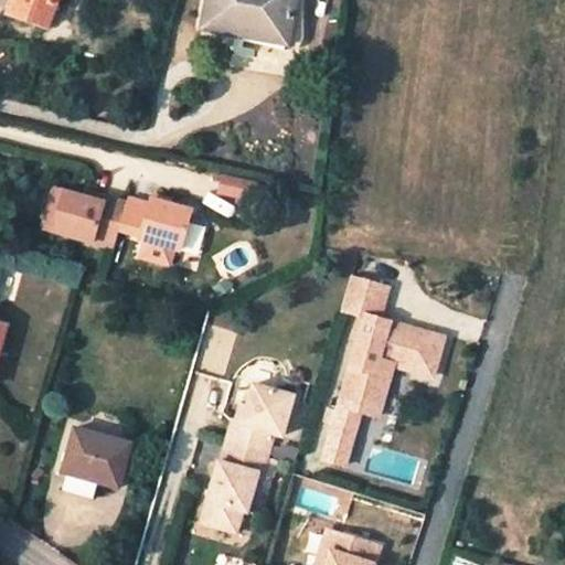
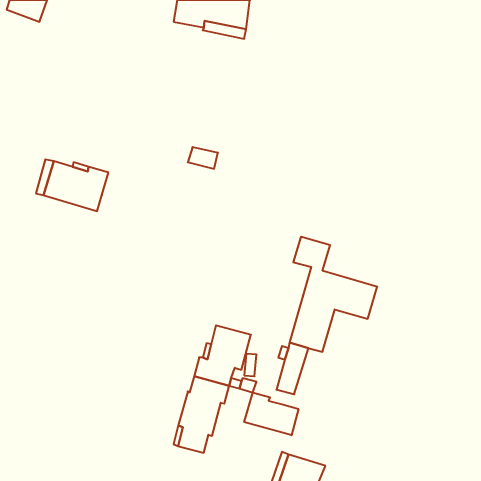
building: [119,198,191,263] -> none
building: [62,426,130,494] -> none
building: none -> [244,392,298,435]

